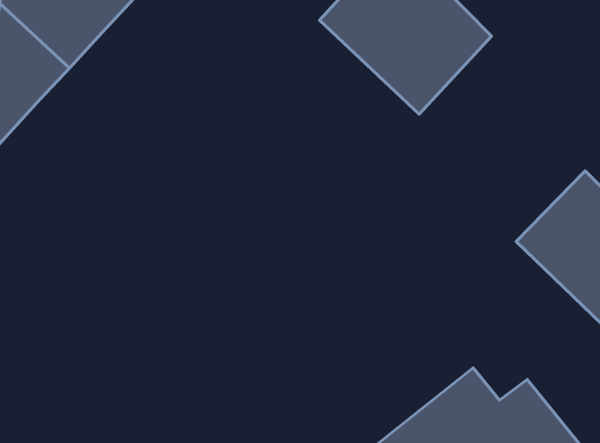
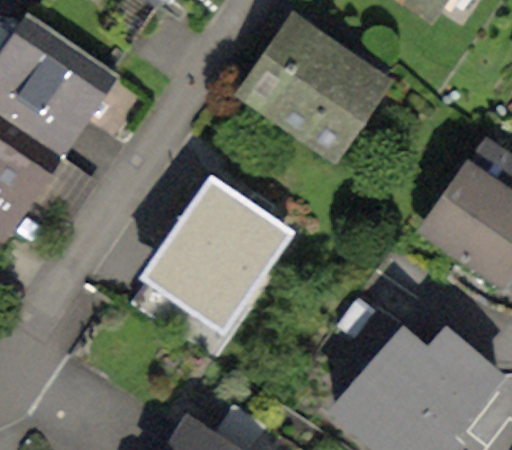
building: none -> [144,172,291,324]

